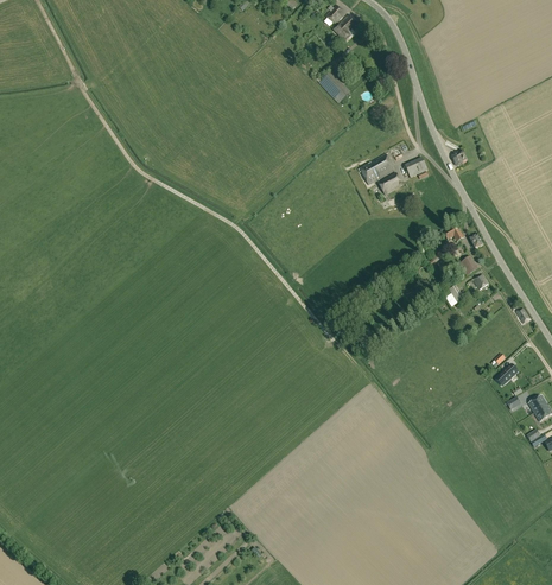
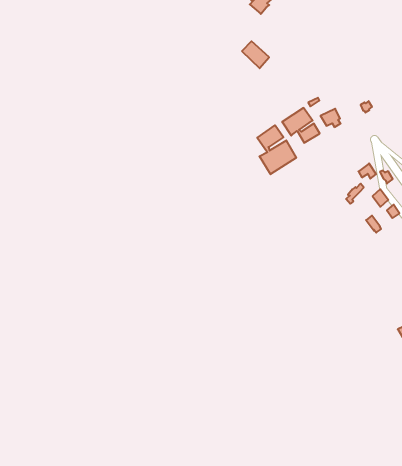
building: none -> [257,125,296,174]

